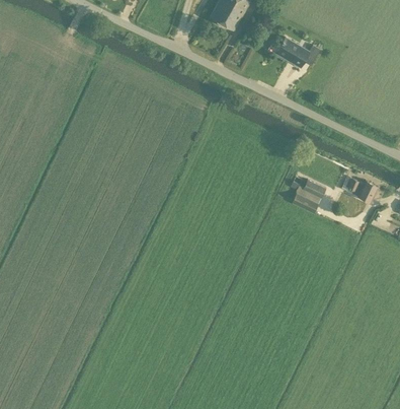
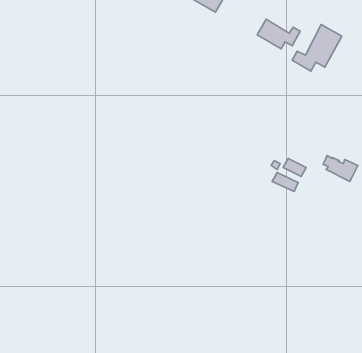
building: none -> [292,25,342,71]

